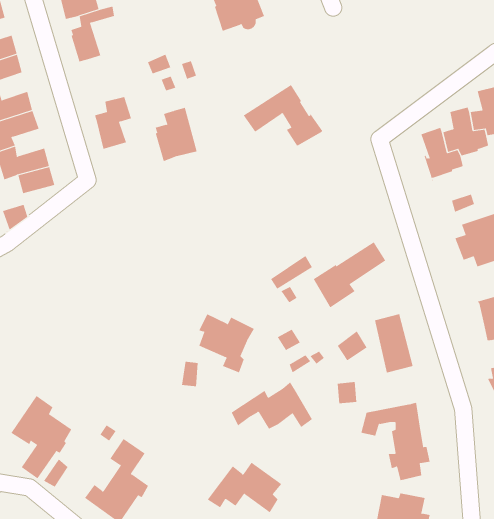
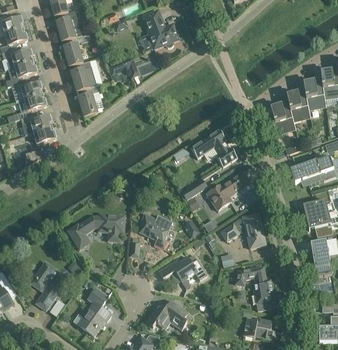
building: [243,83,323,148] -> [190,128,237,166]
building: [155,107,197,162] -> [71,59,96,91]
building: none -> [66,212,124,248]

